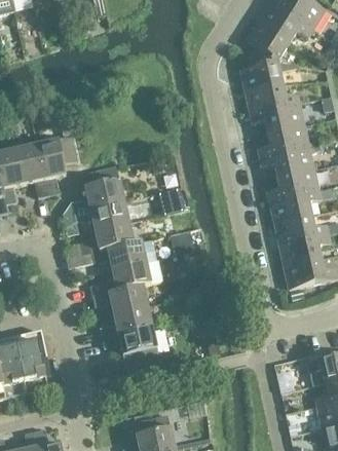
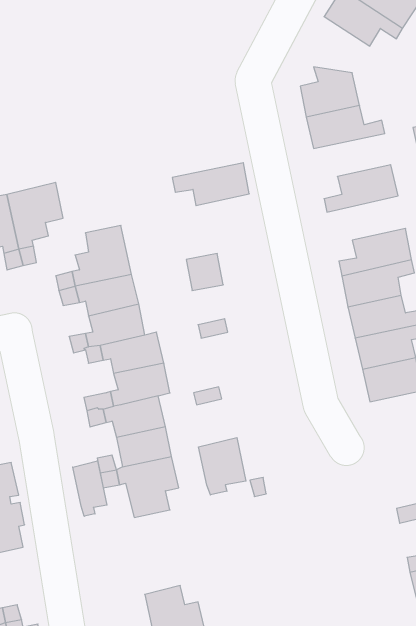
building: [247,21,290,60] -> none
building: [251,102,304,131] -> [172,163,249,206]
building: [260,145,314,176] -> none
building: none -> [199,438,246,495]
building: none -> [73,461,107,516]

